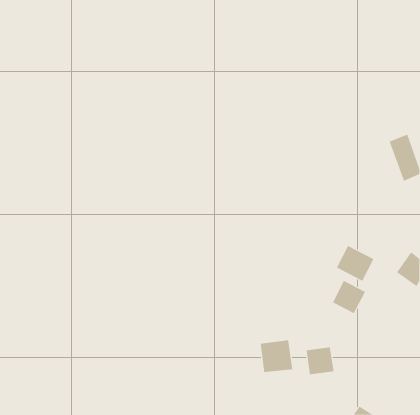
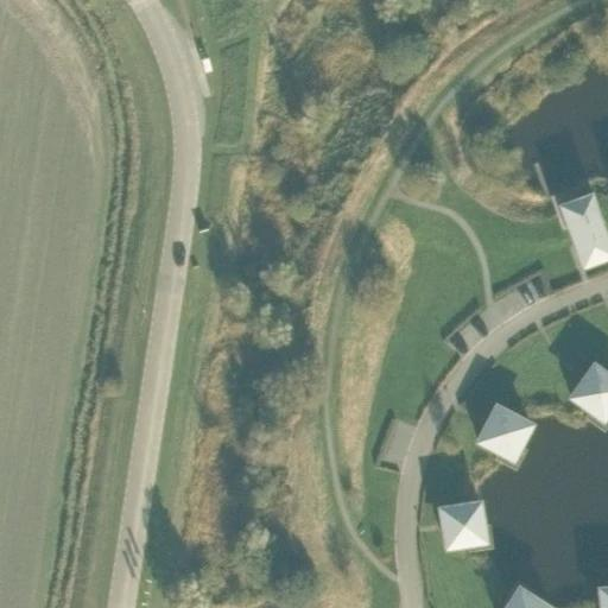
building: [336,245,374,281] -> none
building: [260,340,293,373] -> none

